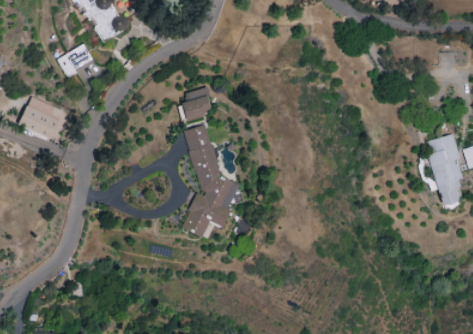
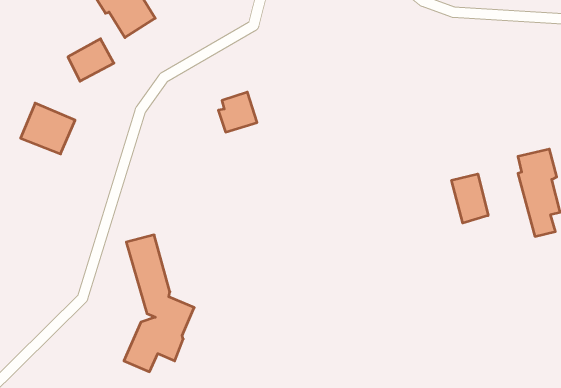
building: [181,124,239,237] -> [124,235,194,372]
building: none -> [452,174,488,223]

